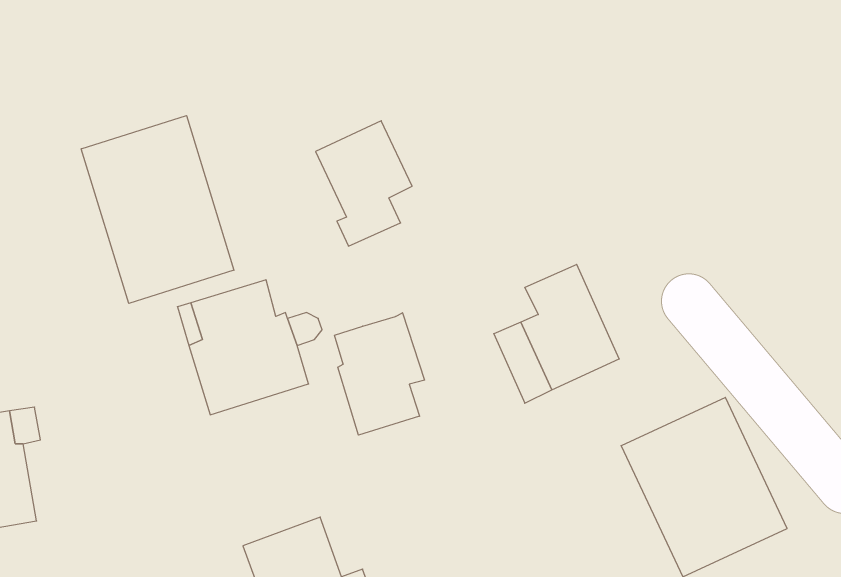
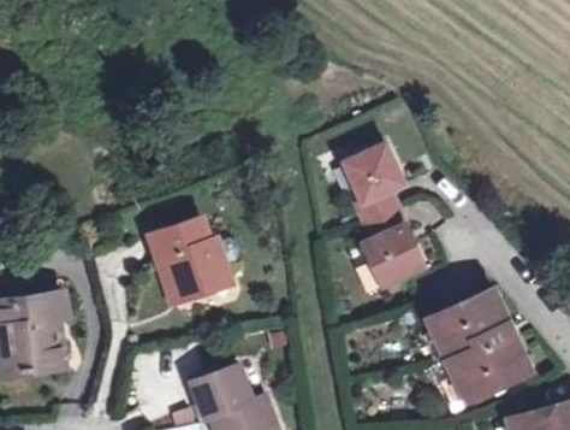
building: [81,116,234,303] -> none
building: [316,121,412,246] -> [345,142,405,220]
building: [335,313,424,435] -> none

